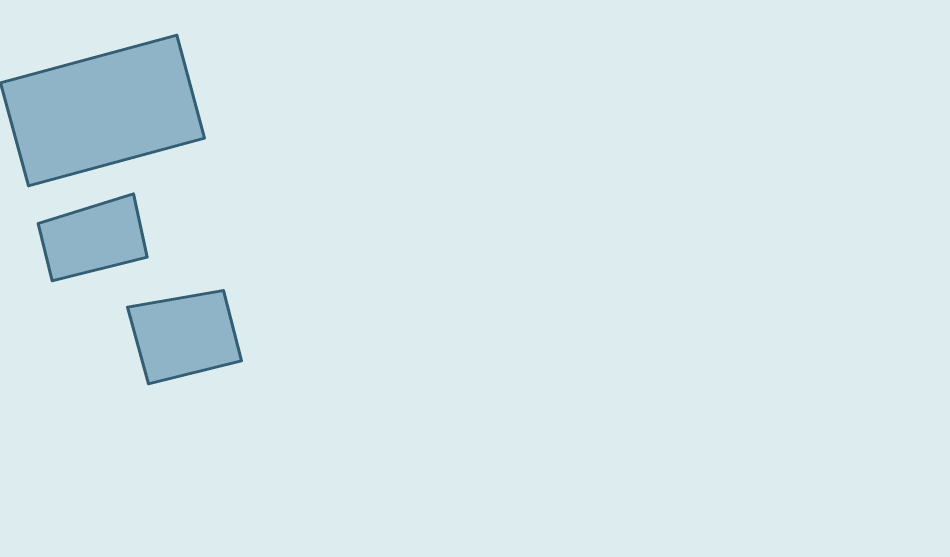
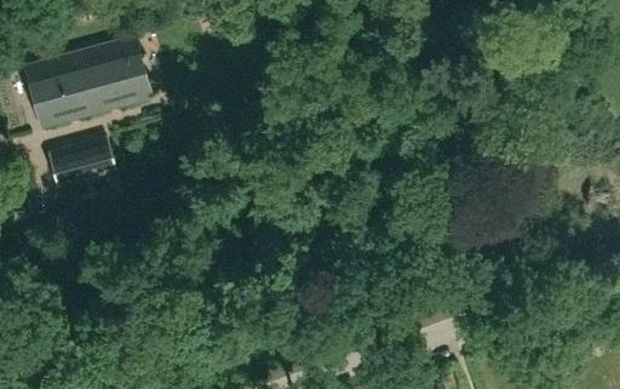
building: [127,290,242,384] -> none

